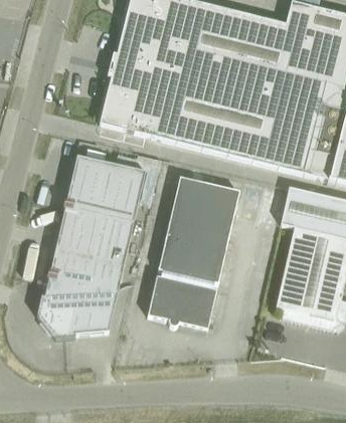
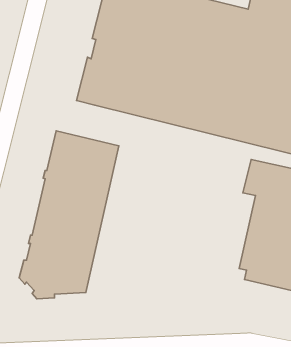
building: [147,176,239,326] -> none

